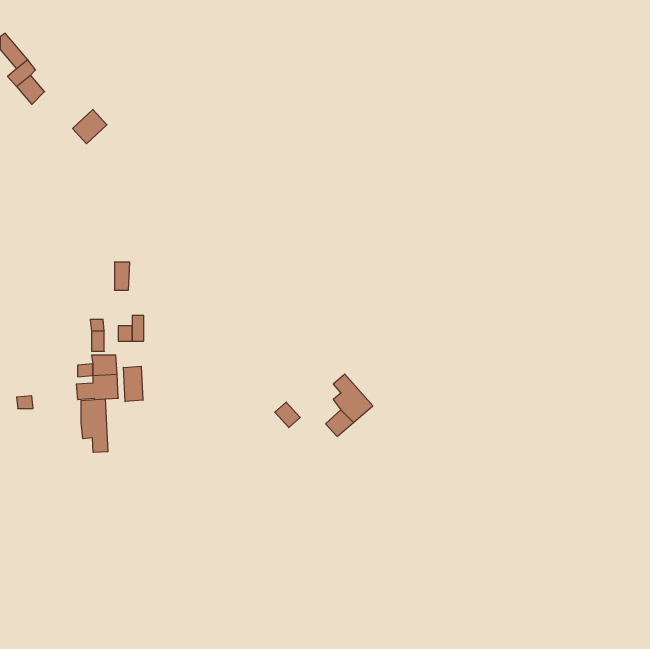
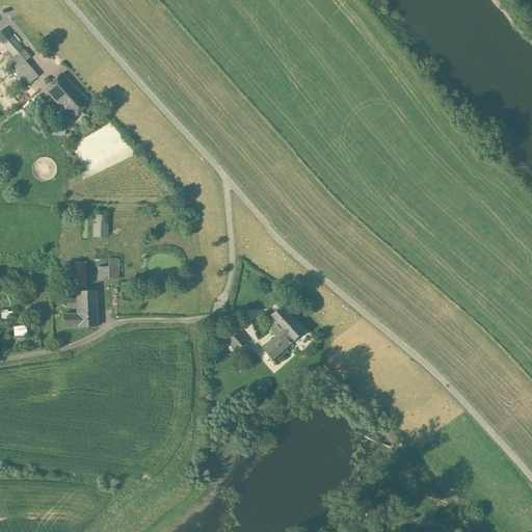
building: none -> [45,73,76,105]
building: [123,366,143,402] -> none
building: [81,399,108,452] -> none

